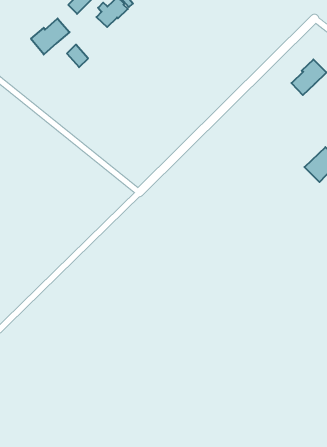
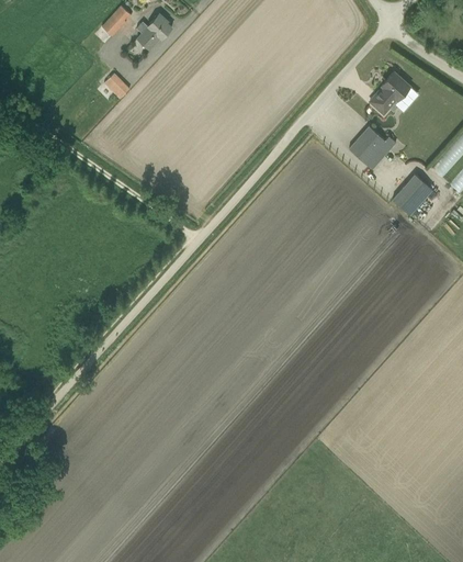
building: [31,18,70,55] -> none
building: none -> [349,125,396,169]

